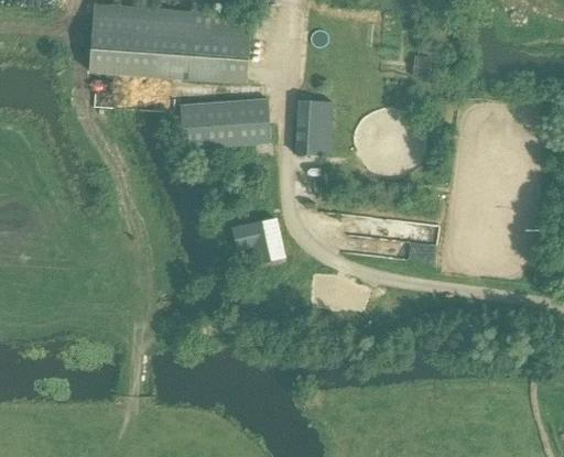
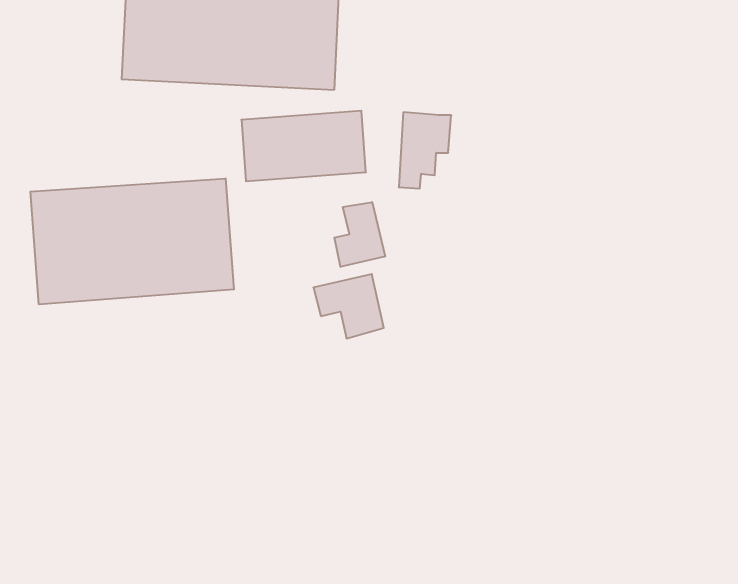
building: none -> [30,178,234,304]
building: none -> [334,202,385,267]

